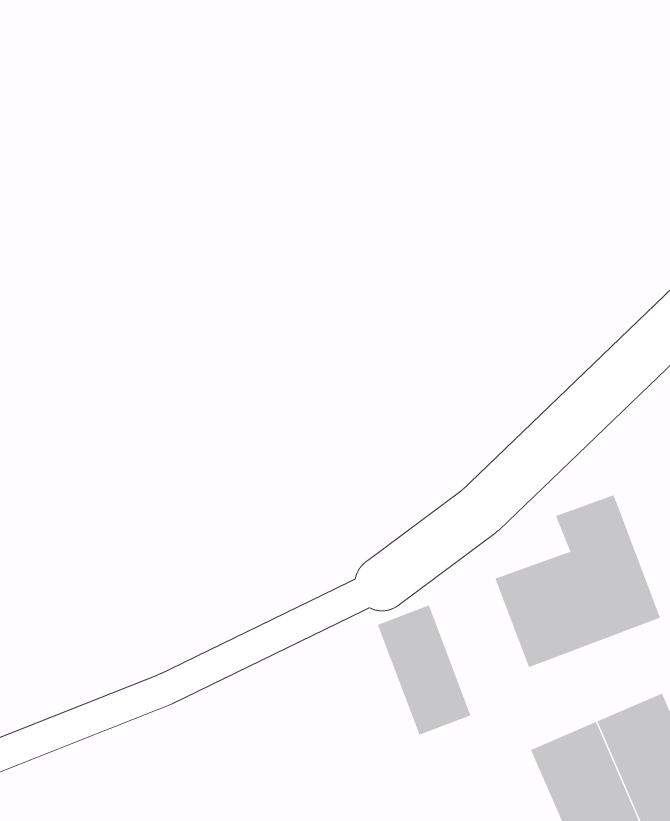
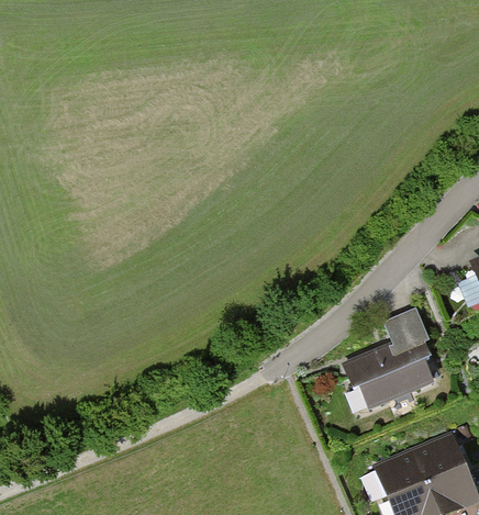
building: [377,605,471,735] -> none

